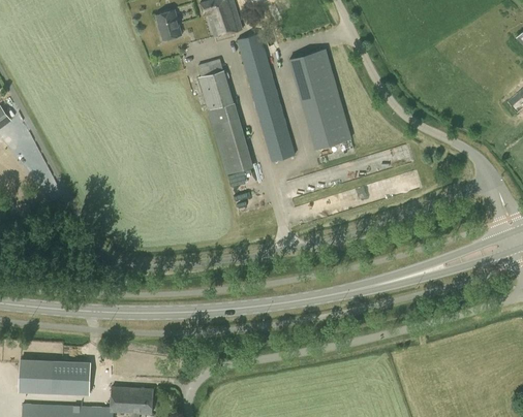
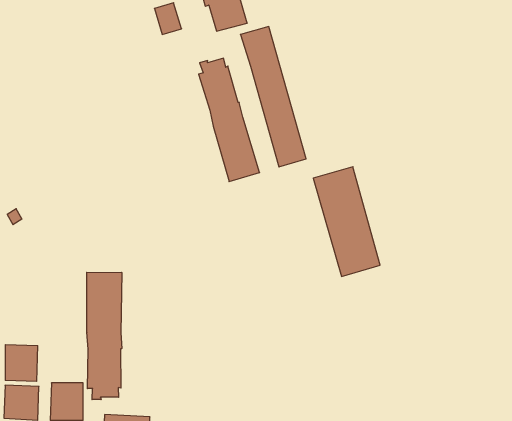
building: [288,49,349,149] -> [313,167,380,276]
building: none -> [87,272,122,400]
building: none -> [5,345,38,381]

